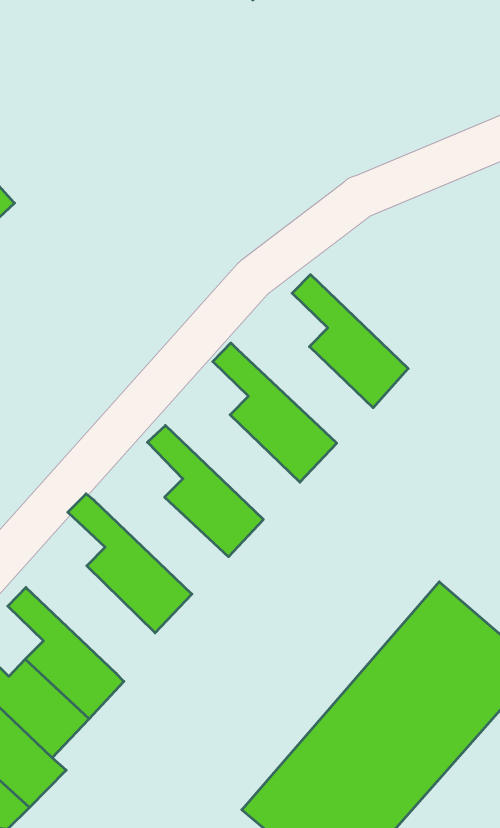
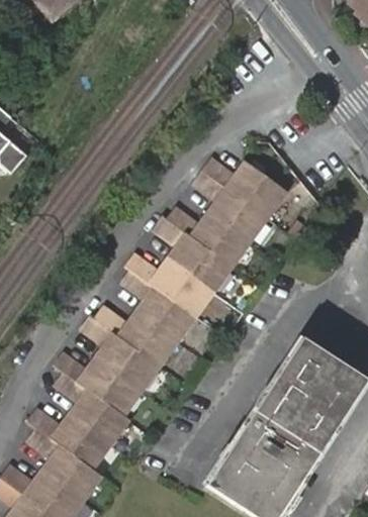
building: none -> [204,161,286,219]
building: none -> [168,209,251,268]
building: none -> [128,254,214,317]
building: none -> [97,307,179,366]
building: none -> [55,353,143,417]

